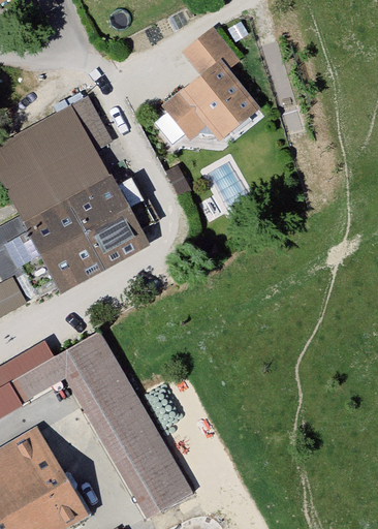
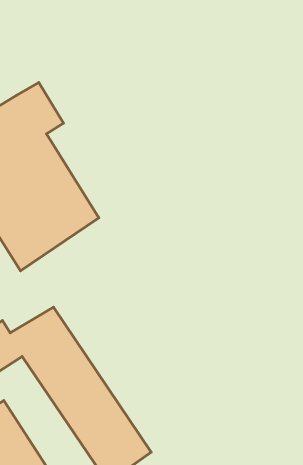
building: [158,31,257,143] -> none

